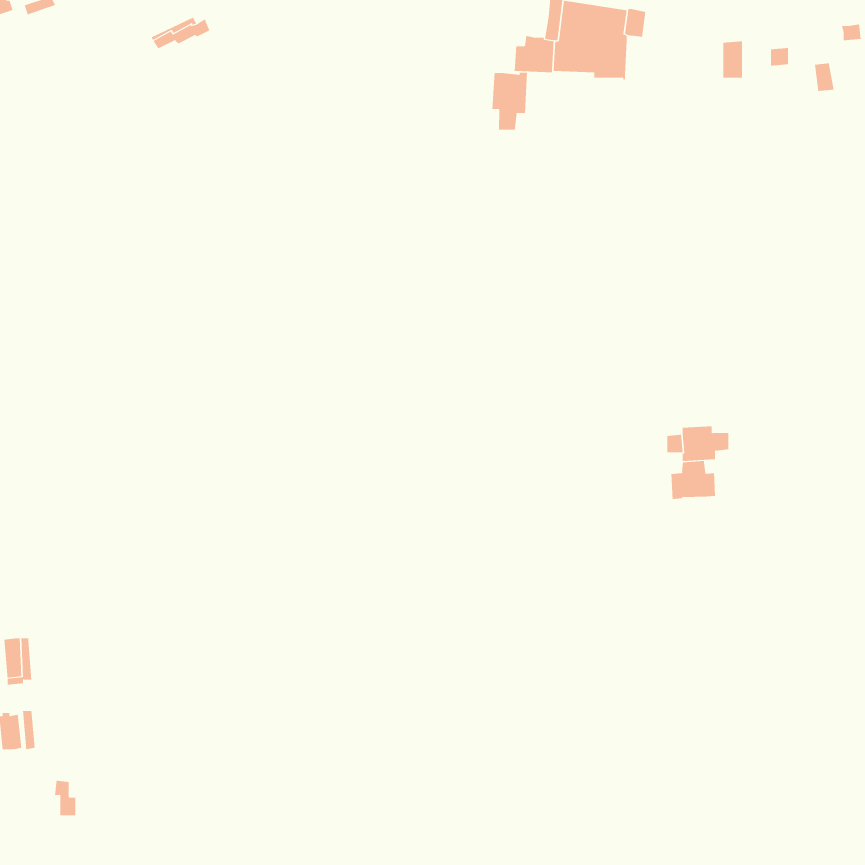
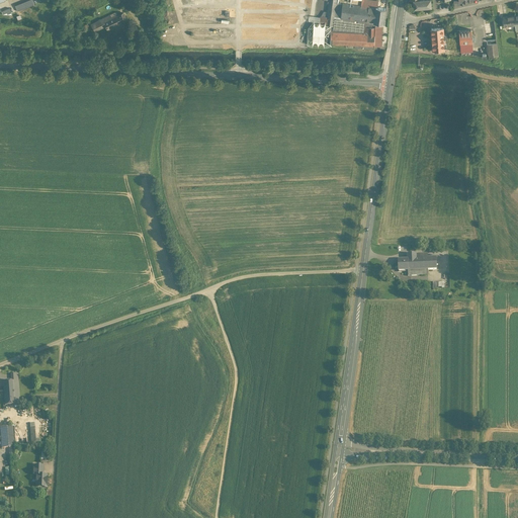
building: [492,72,528,131] -> none
building: [671,460,716,500] -> none

